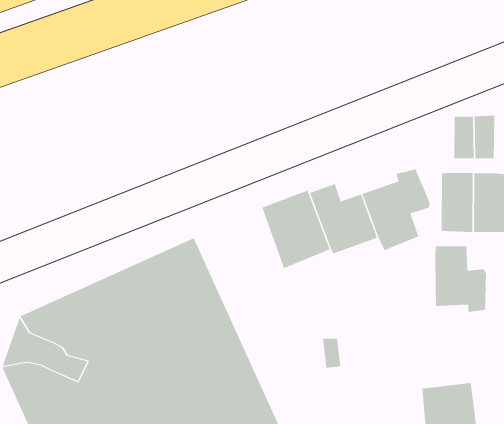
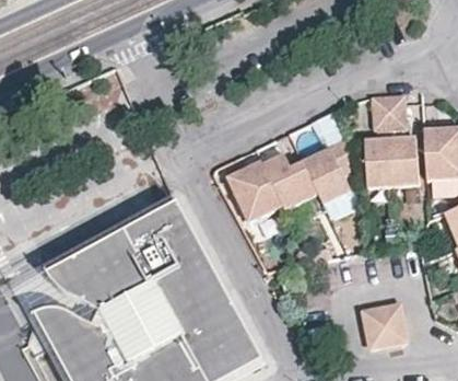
building: [435,245,486,313] -> none

